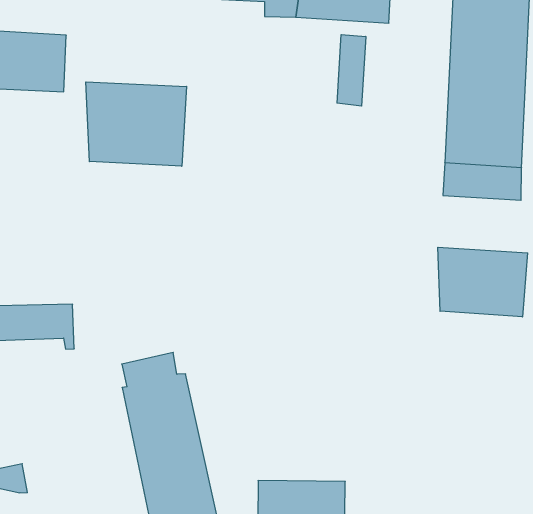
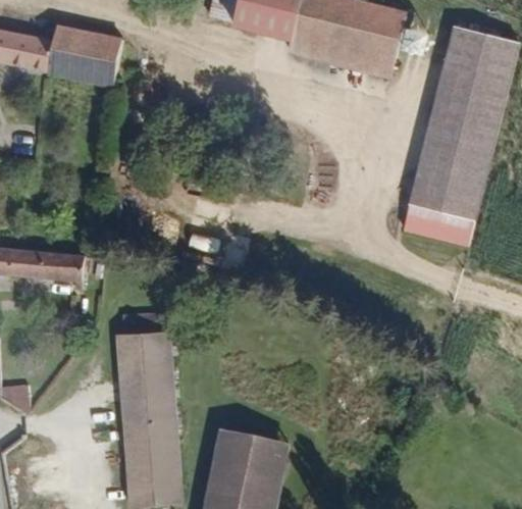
building: [337,35,366,106] -> none
building: [86,82,187,166] -> none
building: [438,247,528,317] -> none

